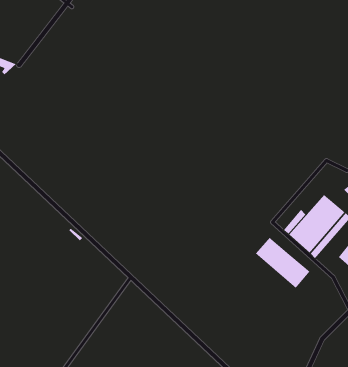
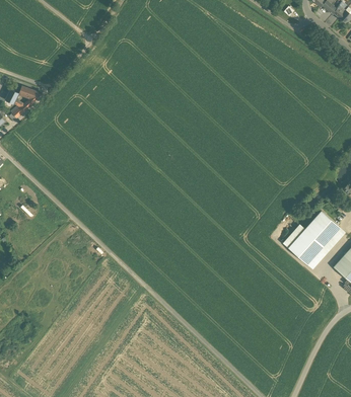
building: [255,237,310,289] -> none

